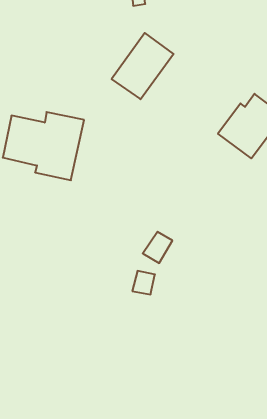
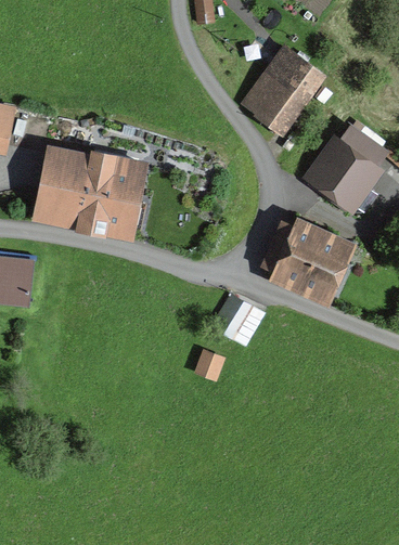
building: [112,33,174,99] -> [242,48,319,130]
building: none -> [263,224,340,293]

